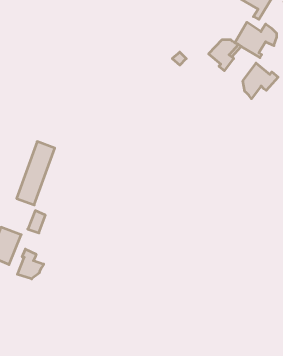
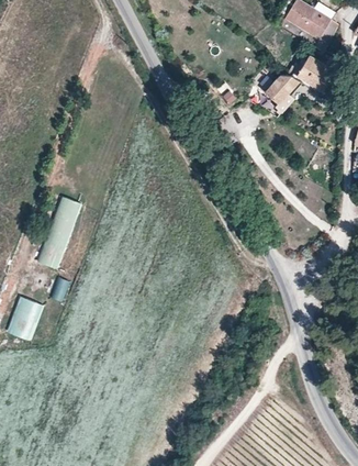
building: [243,63,278,99] -> none
building: [17,249,44,279] -> none

